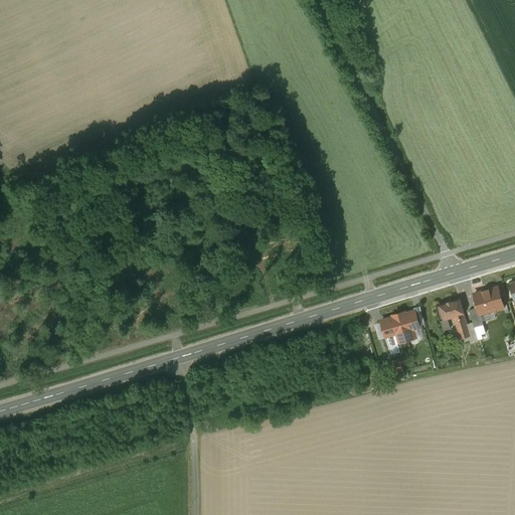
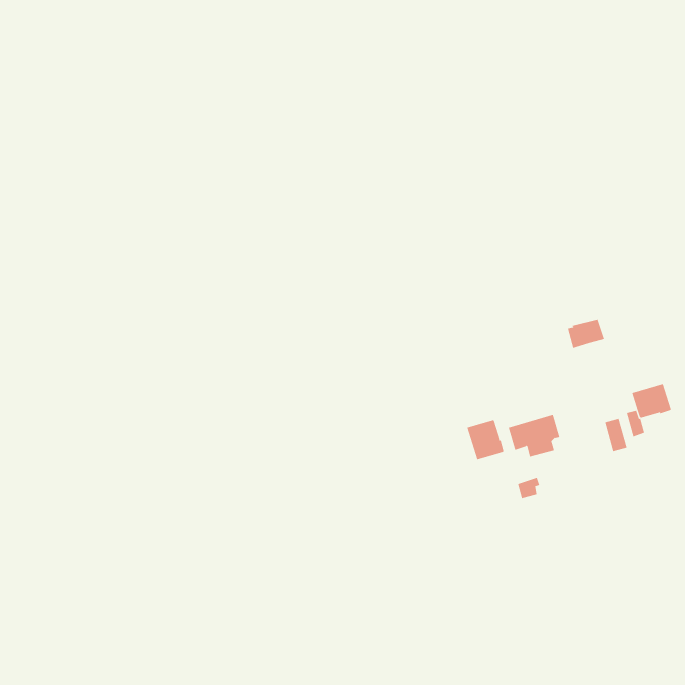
building: [437,299,465,321] -> [567,319,605,349]
building: none -> [467,420,505,460]

